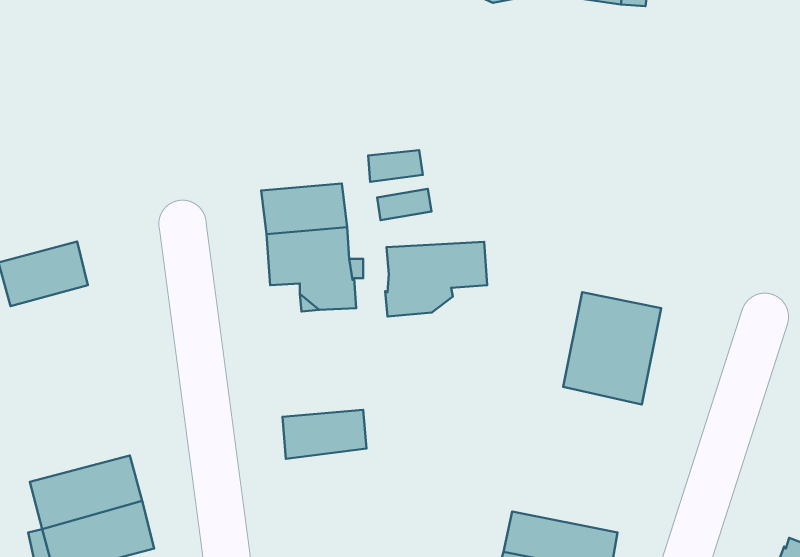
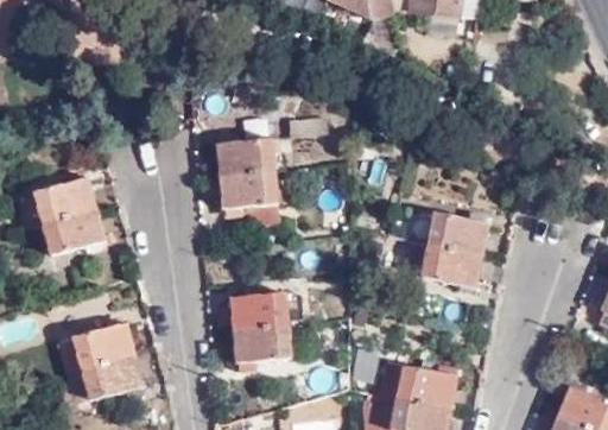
building: [385,242,487,316] -> none
building: none -> [45,208,106,254]
building: none -> [232,318,290,362]

